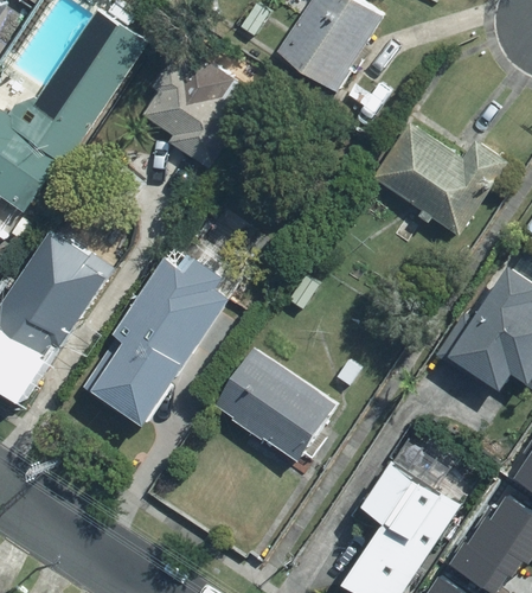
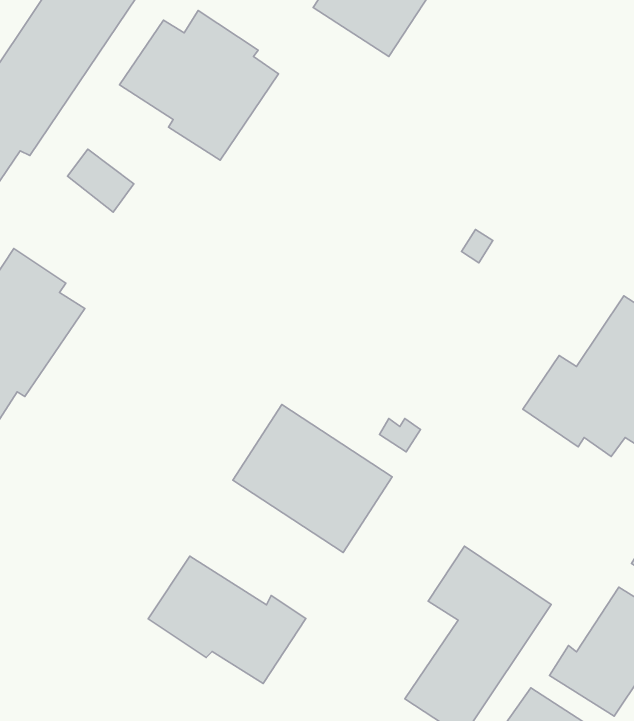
building: [373,126,506,235] -> none
building: [82,262,227,425] -> none
building: none -> [148,556,306,683]

